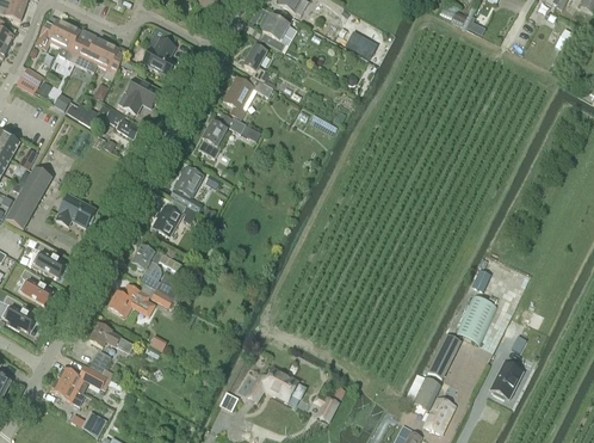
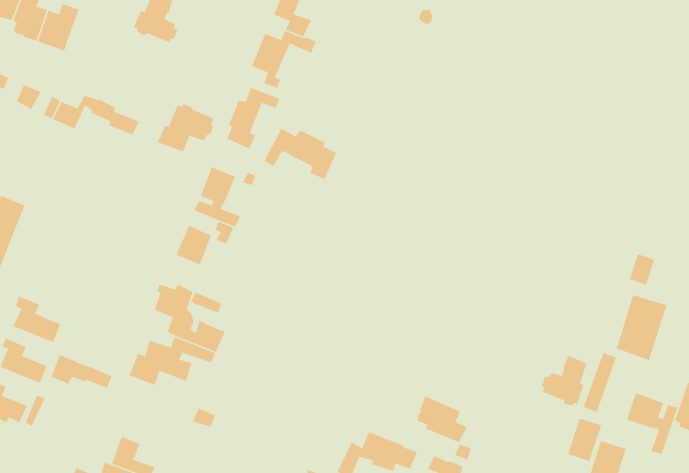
building: [97,43,126,80] -> none
building: [117,78,160,112] -> [157,104,215,153]
building: none -> [263,128,337,180]
building: [56,195,95,227] -> none
building: [89,324,134,352] -> [50,354,113,388]
building: none -> [541,355,588,406]
building: none -> [416,396,468,443]
building: none -> [626,392,679,454]

